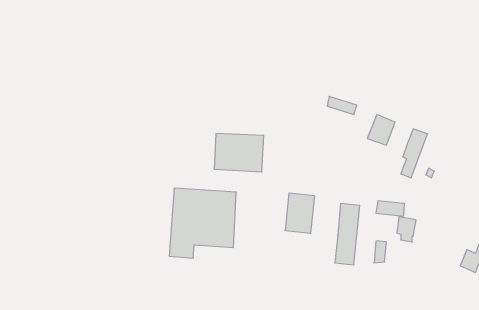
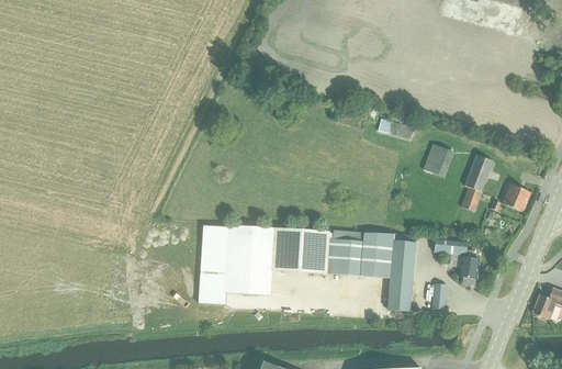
building: [214,134,264,172] -> [271,228,328,272]
building: none -> [503,184,530,213]
building: none -> [359,233,394,278]

